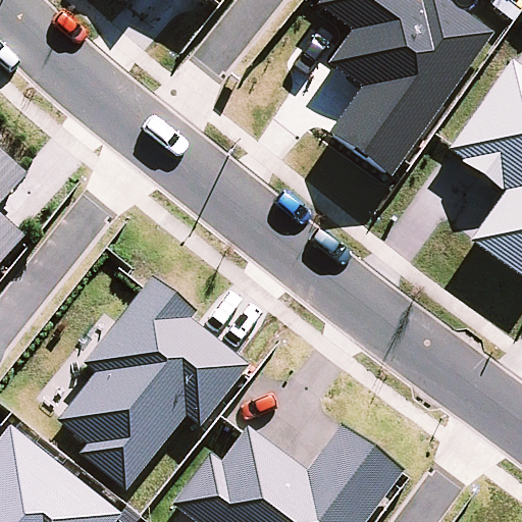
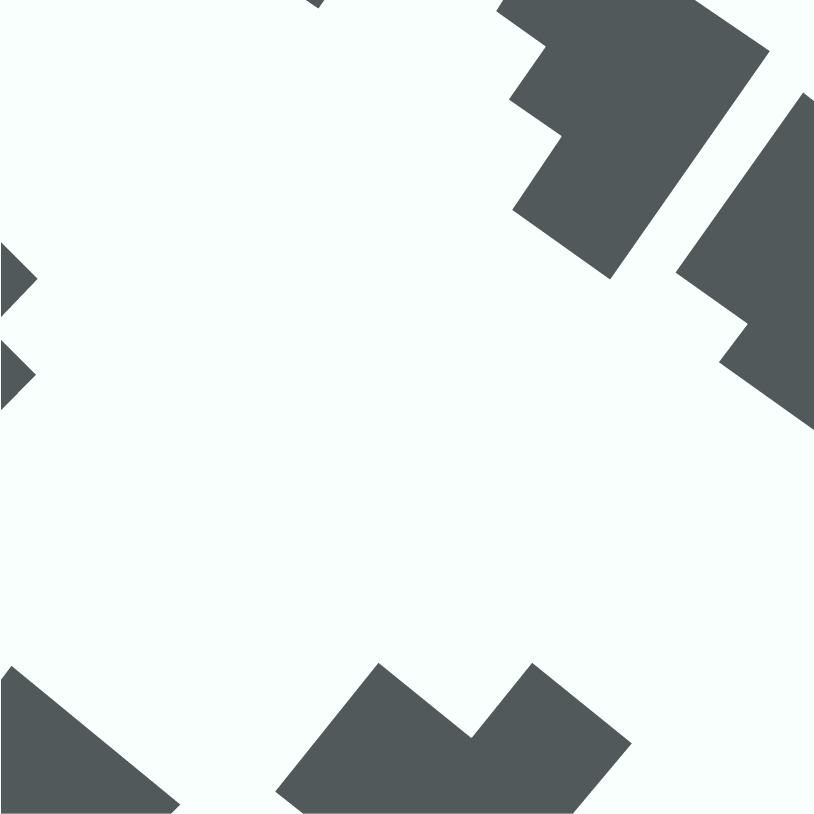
building: [44,285,245,492] -> none

